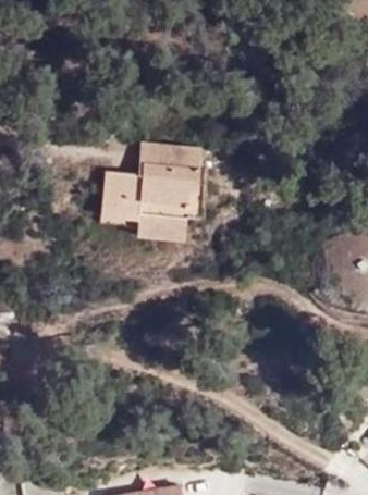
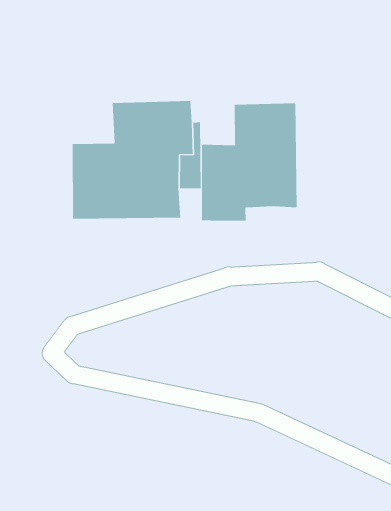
building: none -> [201,103,297,222]

